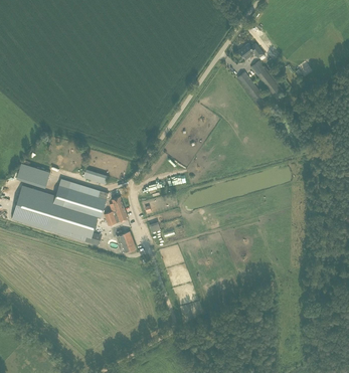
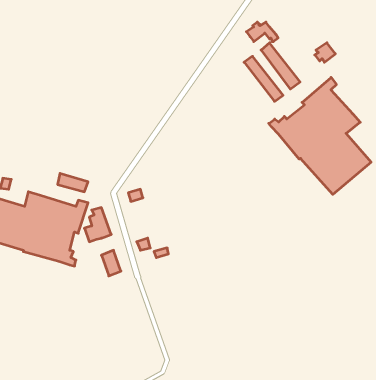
building: none -> [269,77,371,194]

